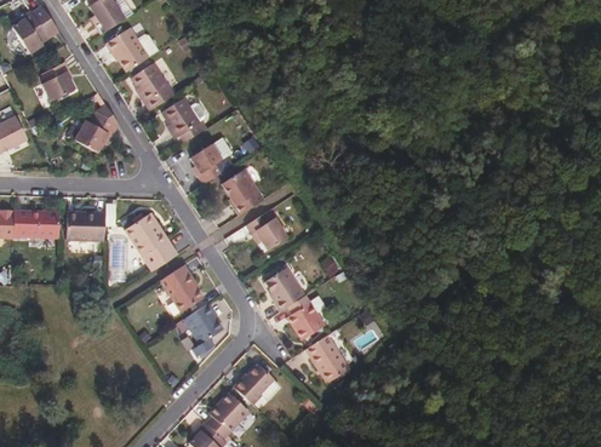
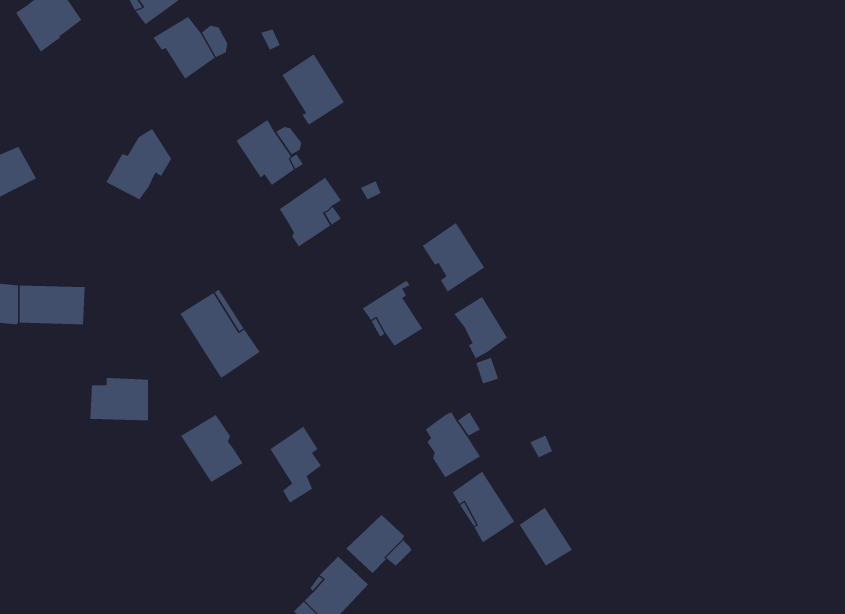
building: [41,62,74,102] -> none
building: [130,63,172,111] -> [282,53,345,126]
building: [221,168,263,216] -> [422,222,485,293]
building: [64,211,104,240] -> [89,378,149,421]
building: [159,265,201,311] -> [180,414,243,483]
building: [264,269,300,311] -> [454,296,508,359]
building: none -> [519,507,573,566]

